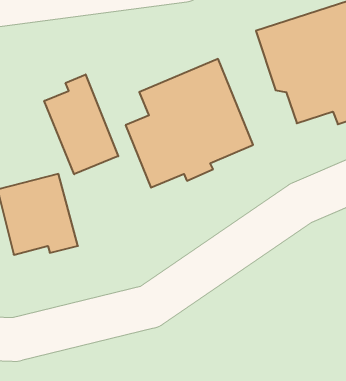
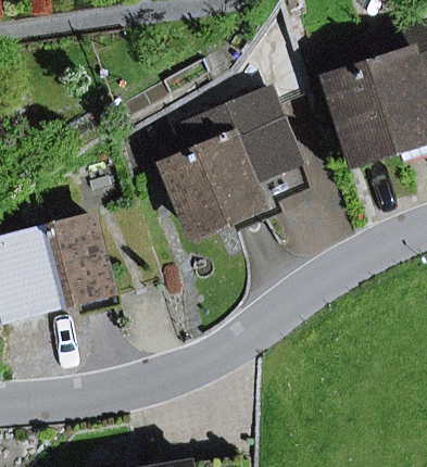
building: [44,74,118,174] -> none

